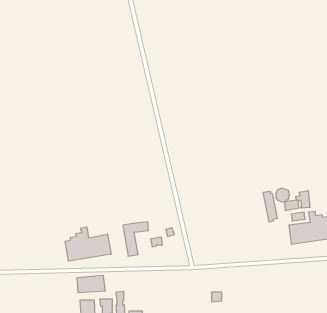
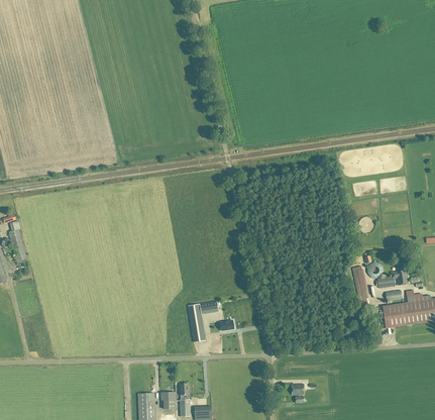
building: [65,227,111,261] -> none
building: [77,275,105,293] -> none

